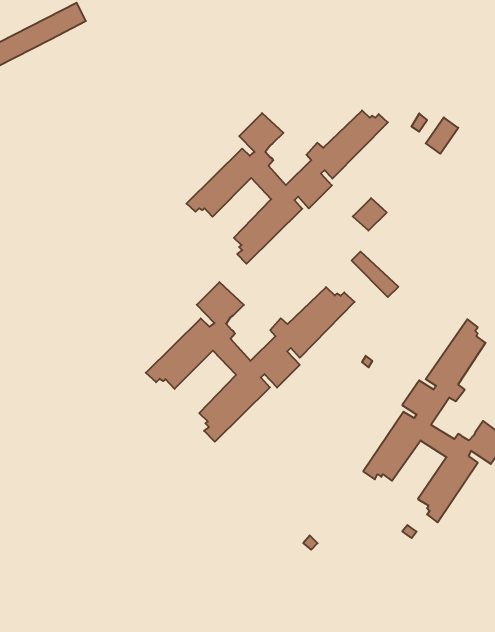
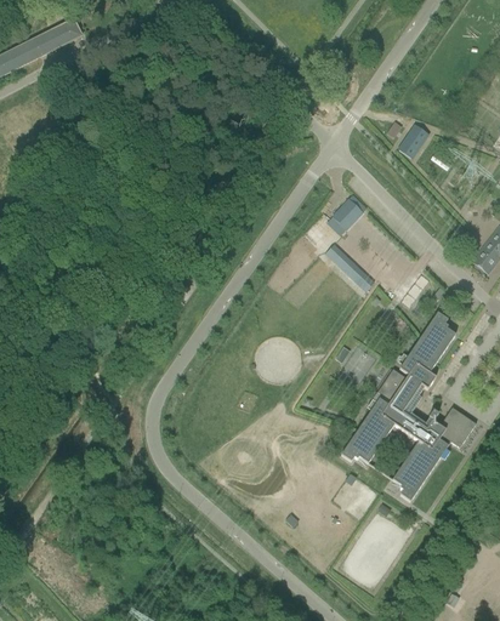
building: [186,110,388,264] -> none
building: [146,282,355,442] -> none

